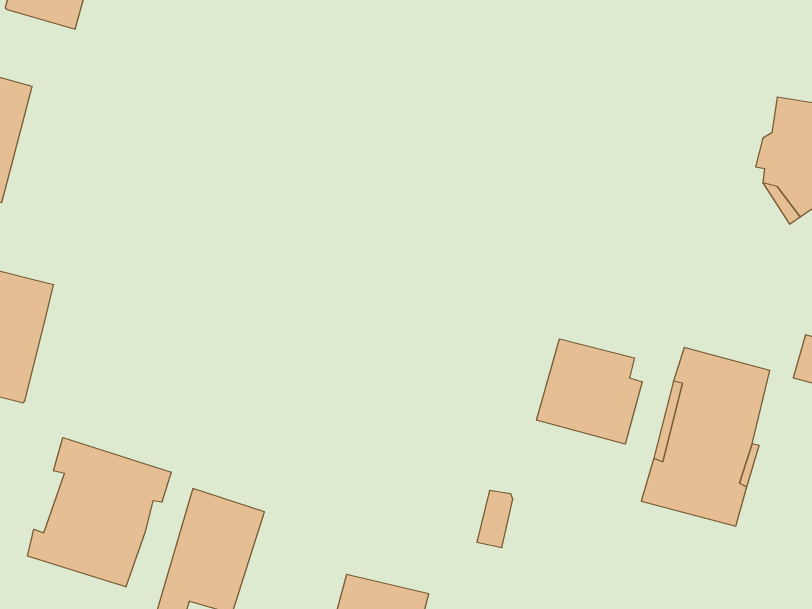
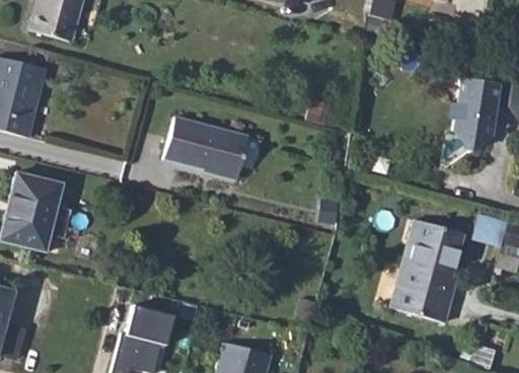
building: none -> [166,118,251,178]
building: [537,339,642,444] -> none
building: [27,438,171,587] -> none

